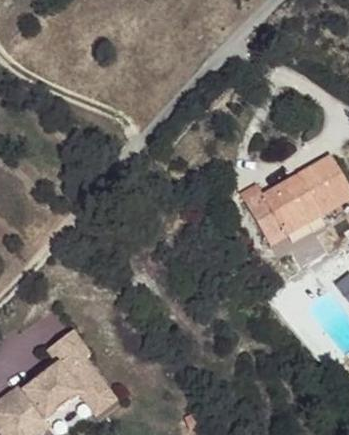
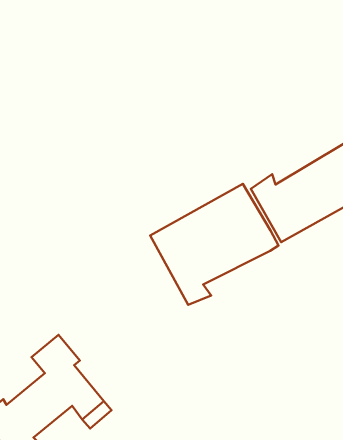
building: none -> [150,184,278,305]

